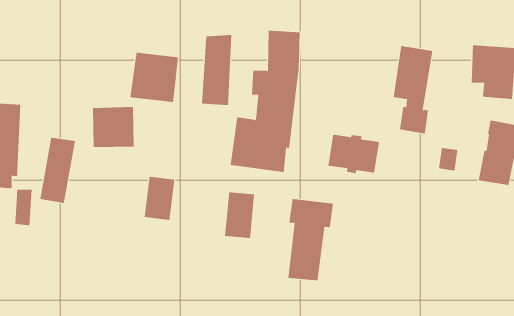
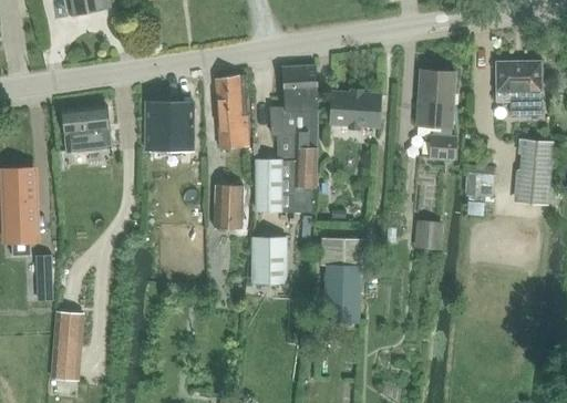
building: [92,106,134,147] -> [63,105,111,152]
building: [328,134,380,174] -> [328,90,380,130]
building: [39,137,76,204] -> [51,312,83,380]
building: [144,176,175,221] -> [213,185,241,229]
building: none -> [415,223,443,251]

